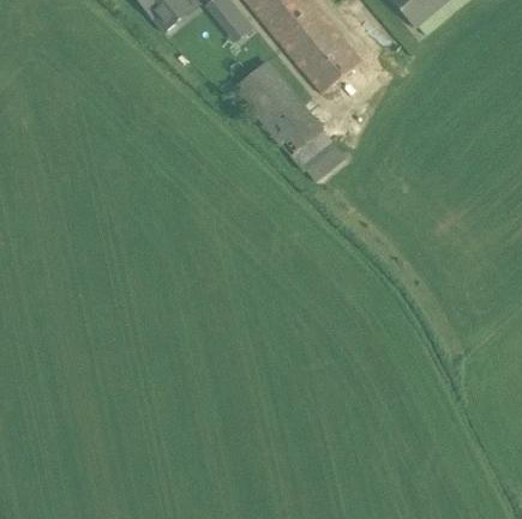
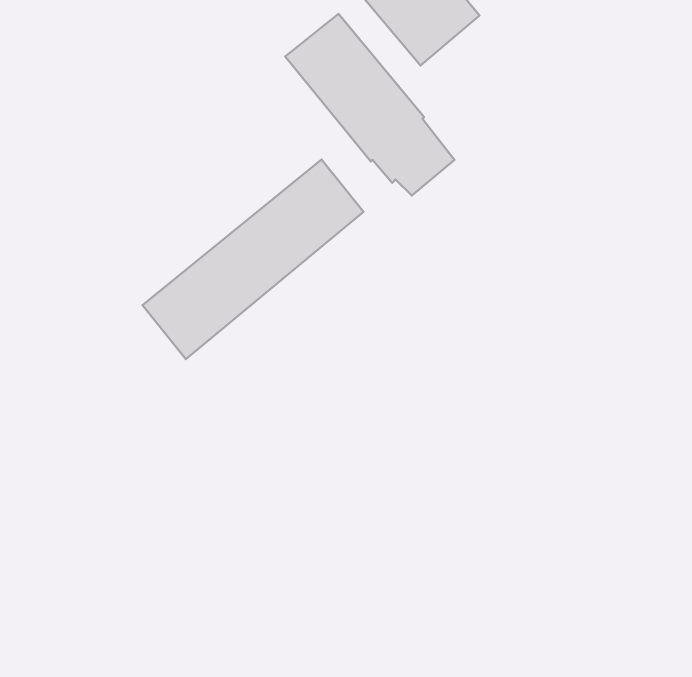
building: none -> [142,160,363,359]

